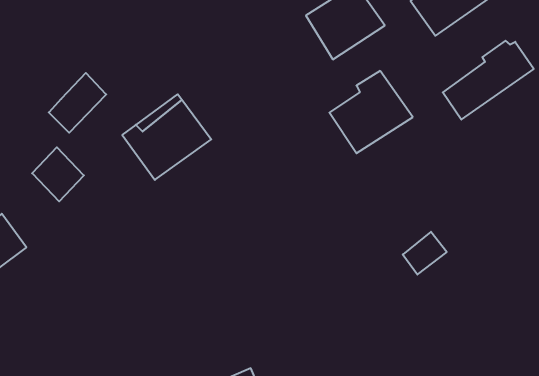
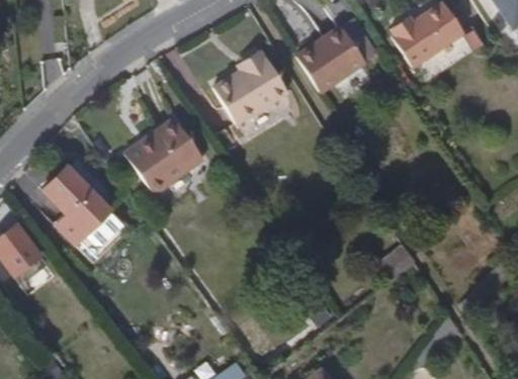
building: [443,41,534,120] -> none
building: [329,71,413,153] -> [210,45,285,119]
building: [49,73,106,133] -> [61,194,112,248]

